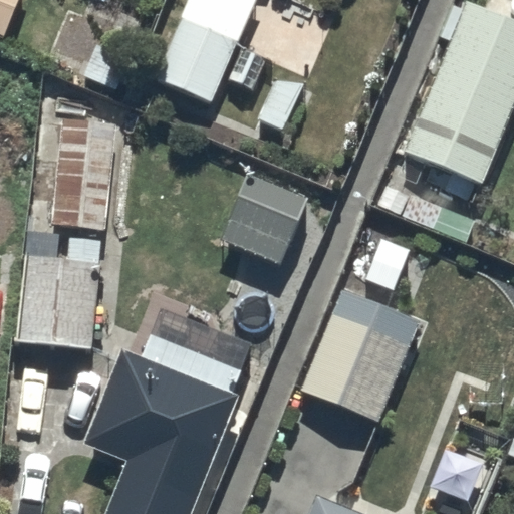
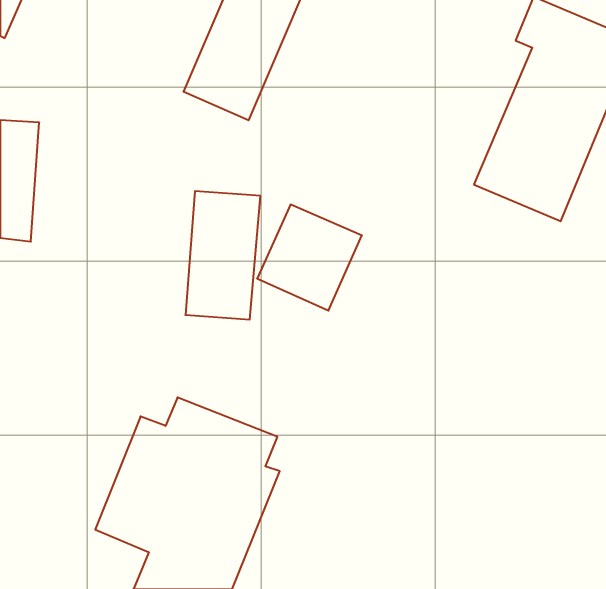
building: [54,117,117,226] -> [185,191,260,320]
building: [16,226,102,351] -> none
building: [297,290,415,422] -> none

